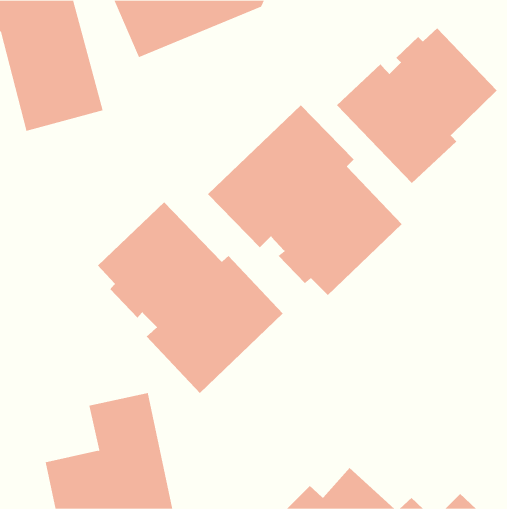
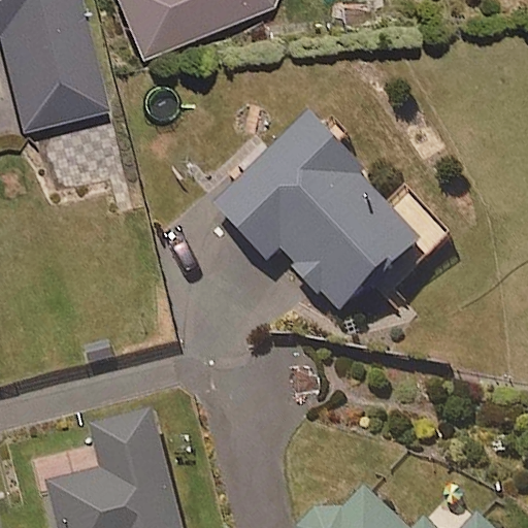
building: [336,28,498,184] -> none
building: [97,201,283,394] -> none

